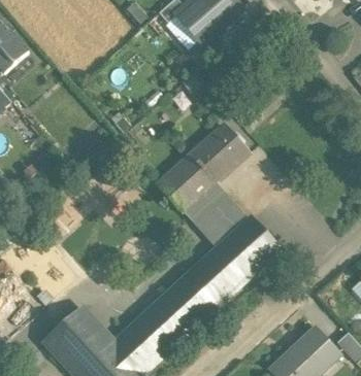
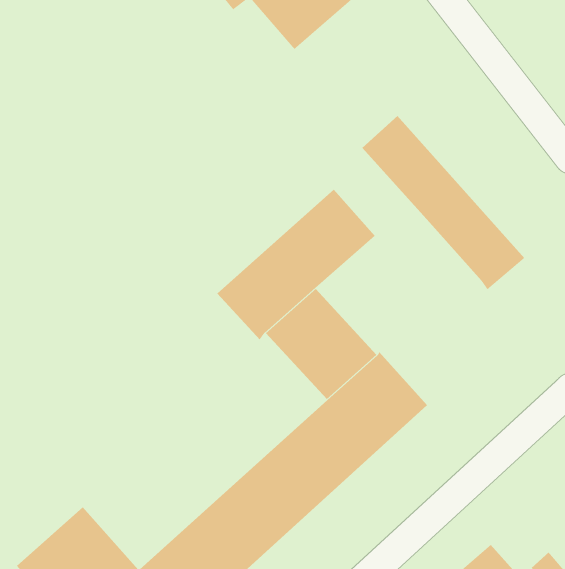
building: none -> [361,115,525,290]

